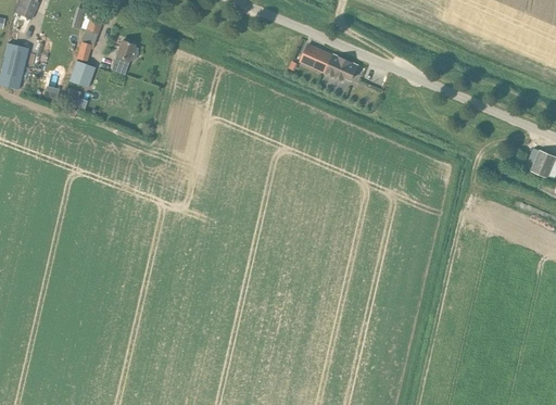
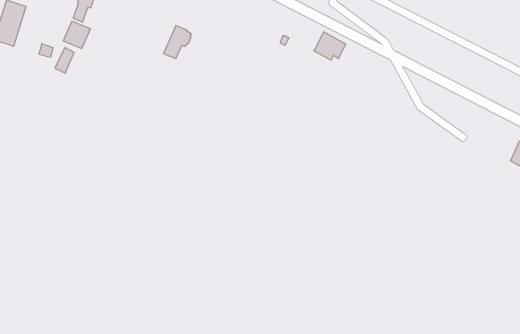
building: [112,41,139,75] -> [163,26,191,59]
building: [301,43,333,73] -> none

